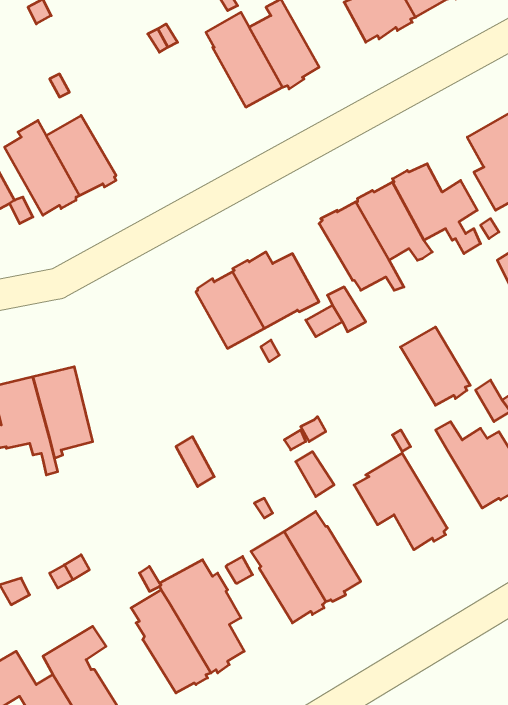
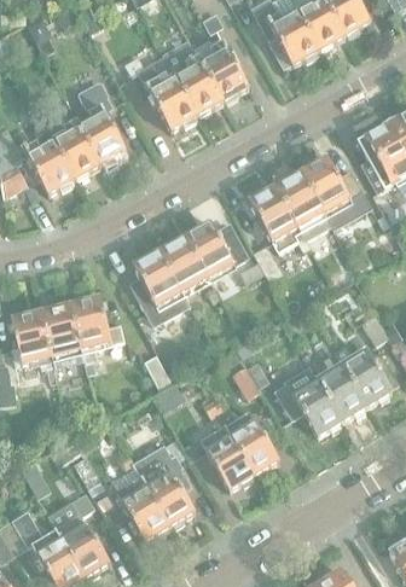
building: none -> [143,72,196,130]
building: none -> [76,82,126,165]
building: none -> [128,250,191,326]
building: [400,327,470,405] -> [317,365,367,422]
building: none -> [71,297,124,376]

